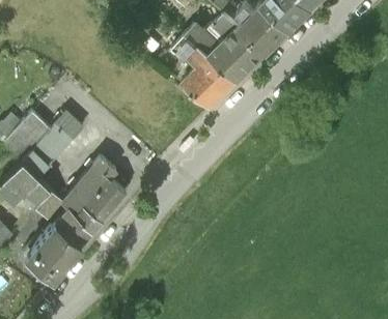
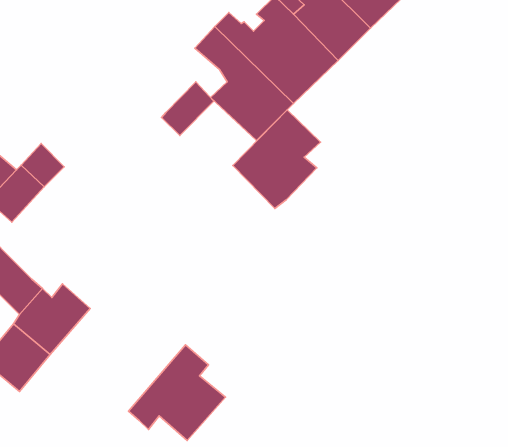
building: none -> [161,82,214,135]
building: none -> [233,110,321,209]
building: [60,160,126,224] -> [129,345,225,440]

